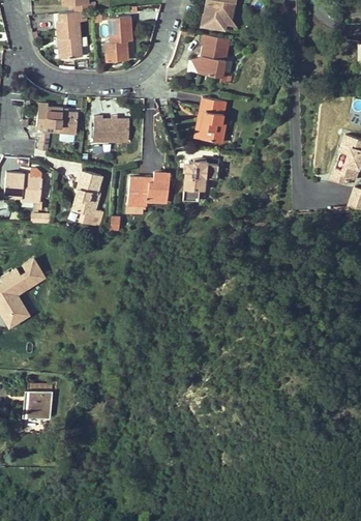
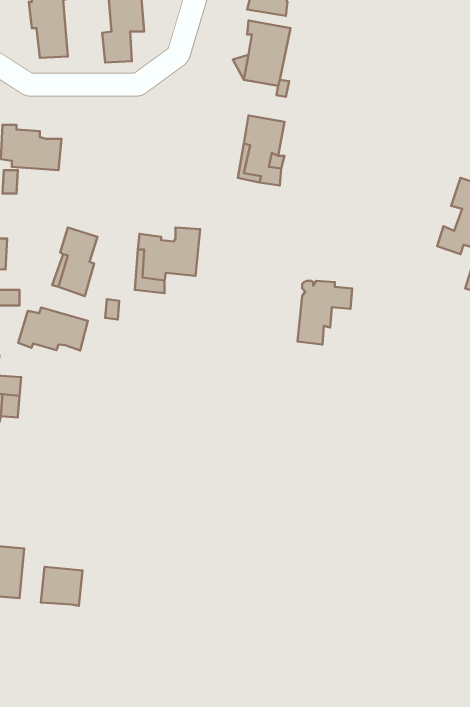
building: [91,116,128,144] -> none
building: [182,160,218,202] -> [297,281,352,345]
building: none -> [18,307,88,350]
building: none -> [41,567,82,606]

